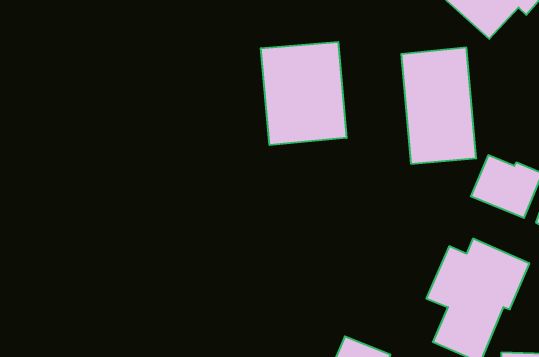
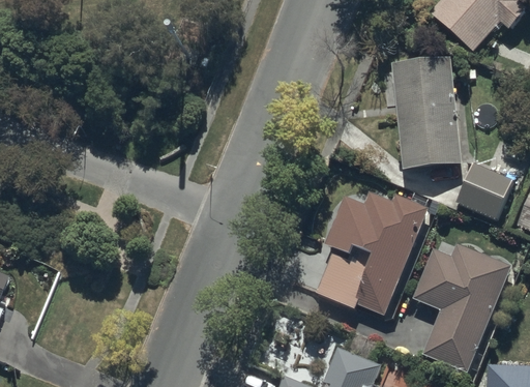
building: [261,42,347,145] -> none
building: none -> [316,188,428,303]

